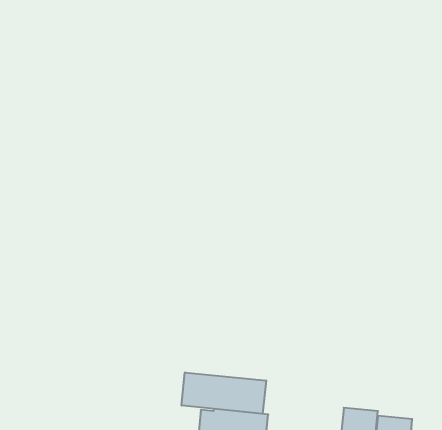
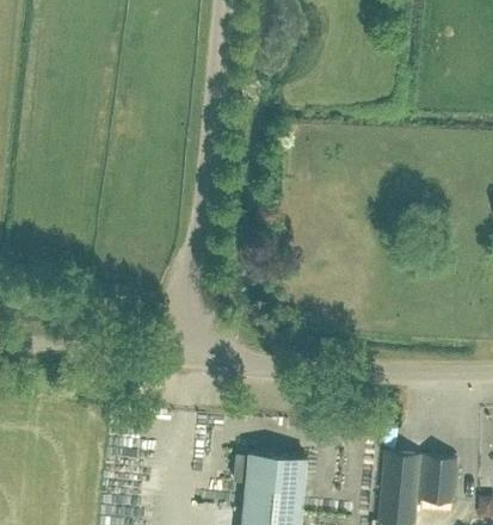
building: [182,372,266,414] -> none

